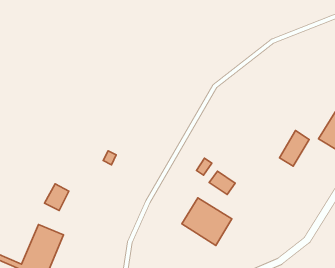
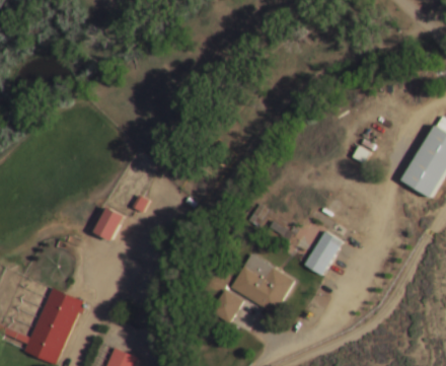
building: [279,131,309,166] -> [304,231,342,276]
building: [45,184,69,210] -> [93,208,124,241]
building: none -> [210,290,242,323]

